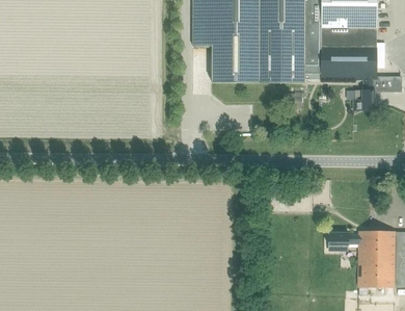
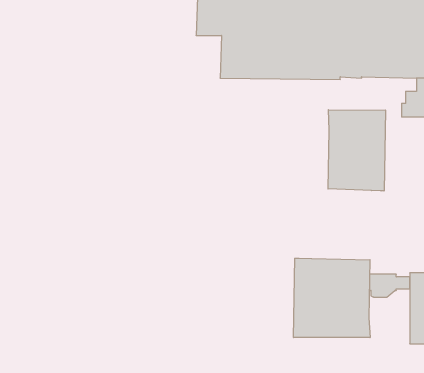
building: none -> [328,110,385,191]
building: none -> [294,258,370,338]

